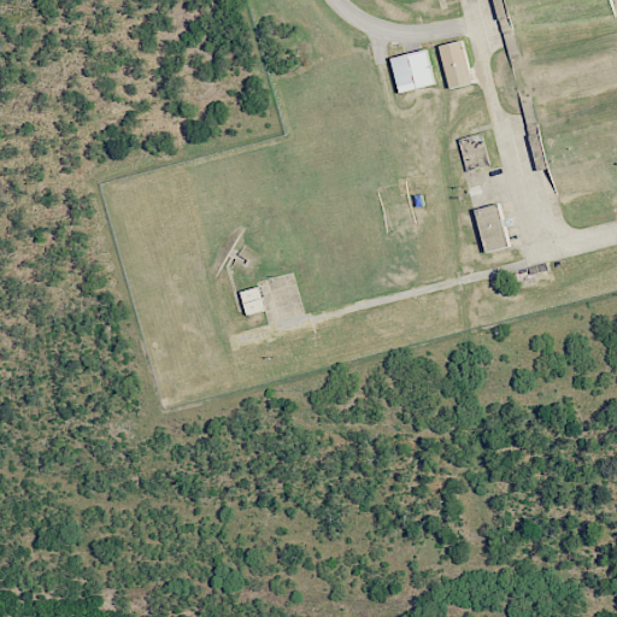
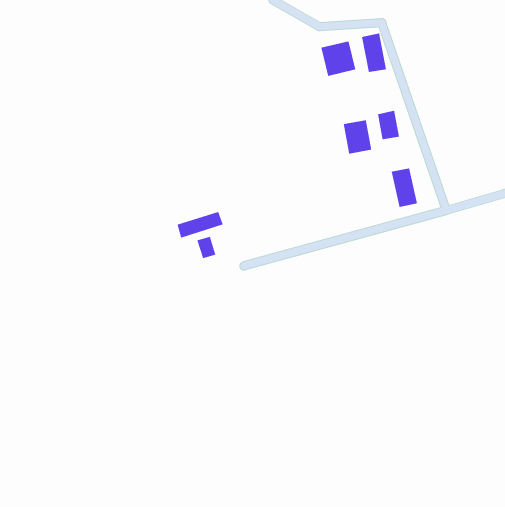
building: none -> [343,119,372,154]
building: none -> [177,211,224,238]

